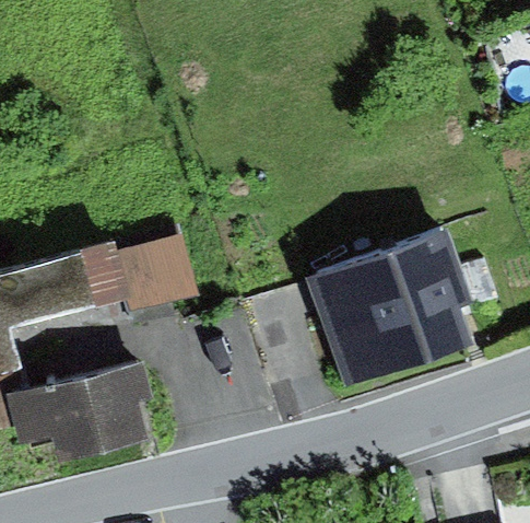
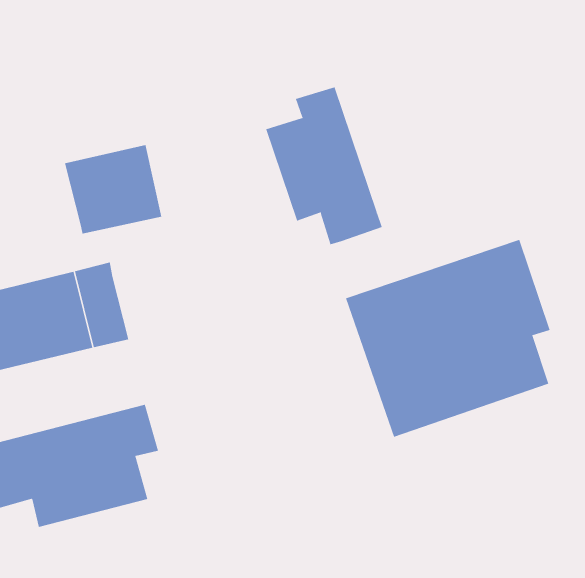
building: none -> [266,86,383,245]
building: [116,240,196,313] -> [64,144,162,234]

